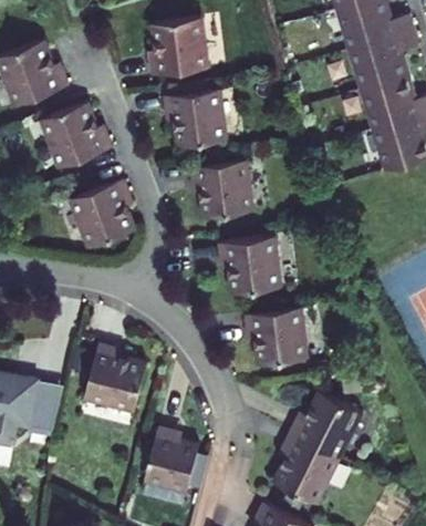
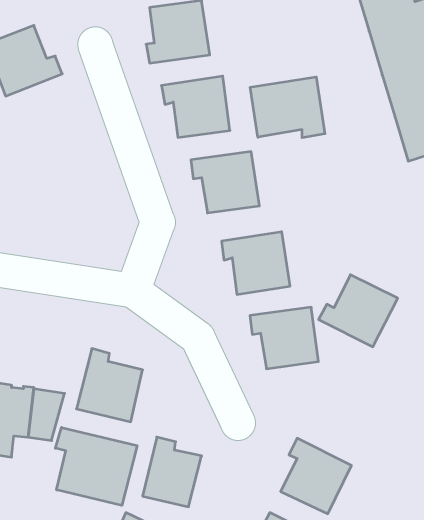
building: none -> [250,77,325,138]
building: [40,104,112,169] -> none
building: [70,182,135,249] -> none
building: [288,388,362,455] -> [319,275,398,347]
building: none -> [55,427,137,505]

